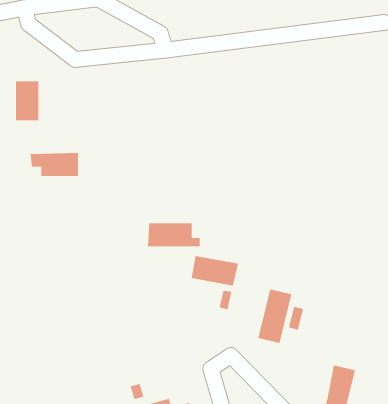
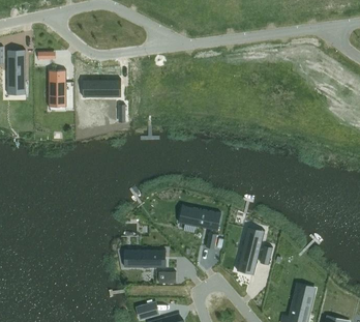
building: [30,153,79,177] -> [82,79,120,97]
building: [147,223,200,247] -> [124,250,166,268]

